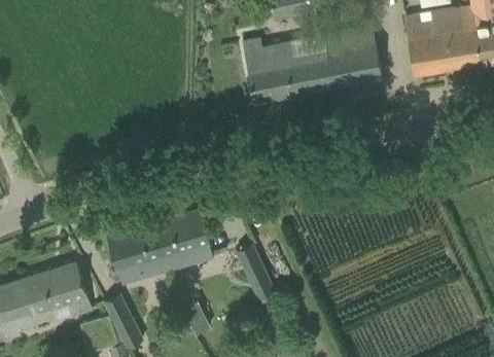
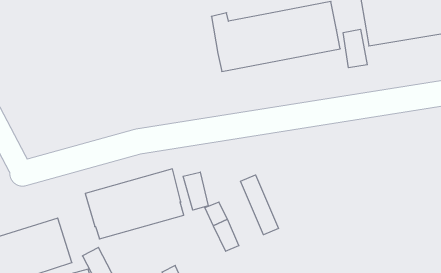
building: none -> [343,29,367,68]
building: none -> [183,172,208,210]
building: none -> [240,175,279,235]

